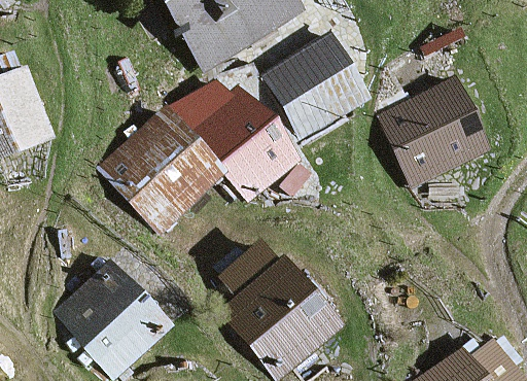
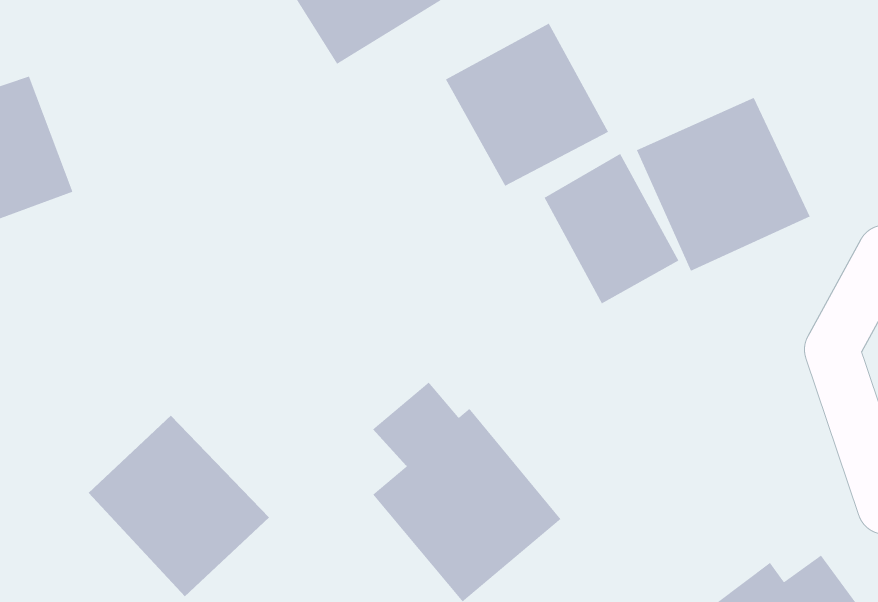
building: [194,66,297,189] -> none
building: [104,112,218,227] -> none
building: none -> [544,153,680,304]

